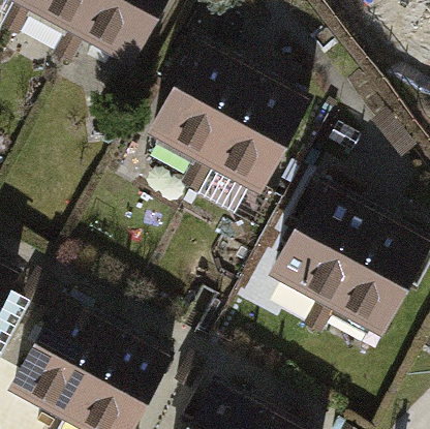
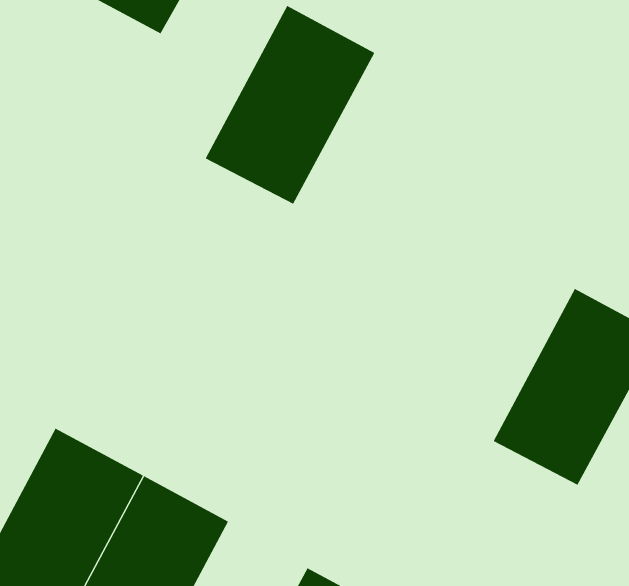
building: [203,72,304,192] -> none
building: [270,186,373,308] -> none

